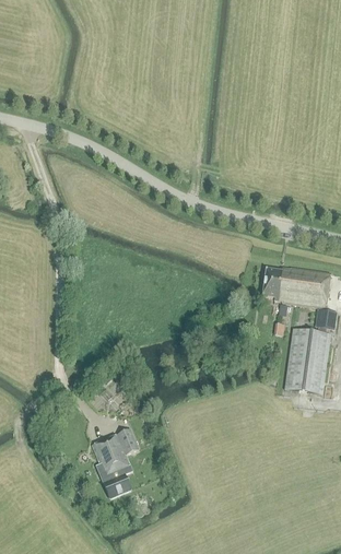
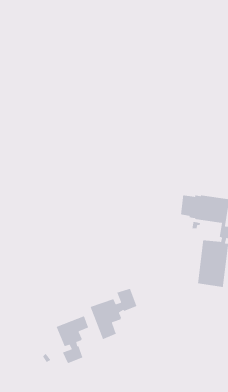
building: none -> [89,288,138,340]

